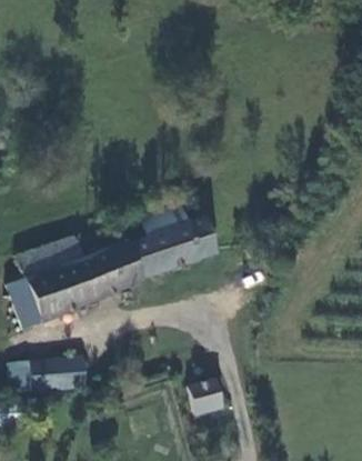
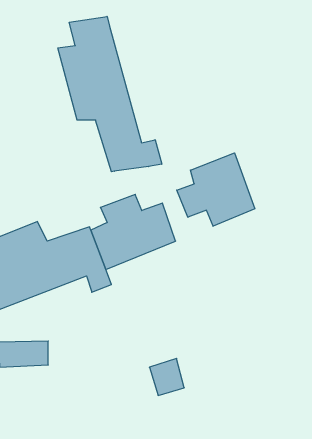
building: none -> [58,16,162,172]
building: none -> [177,153,255,226]

